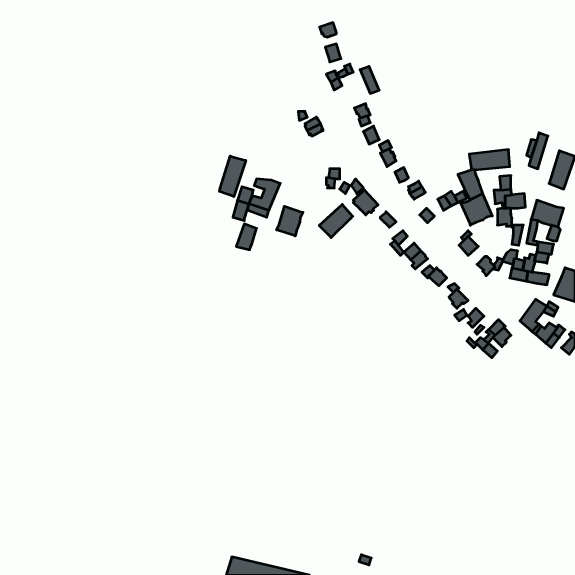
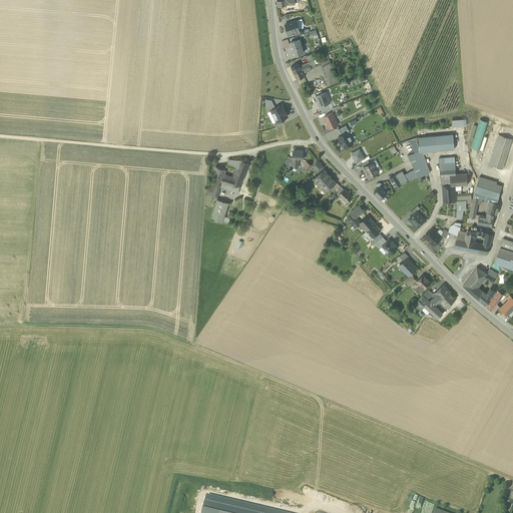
building: [219,156,246,197] -> none
building: [461,194,492,225] -> none
building: [319,204,353,238] -> none
building: [277,206,303,236] -> none

